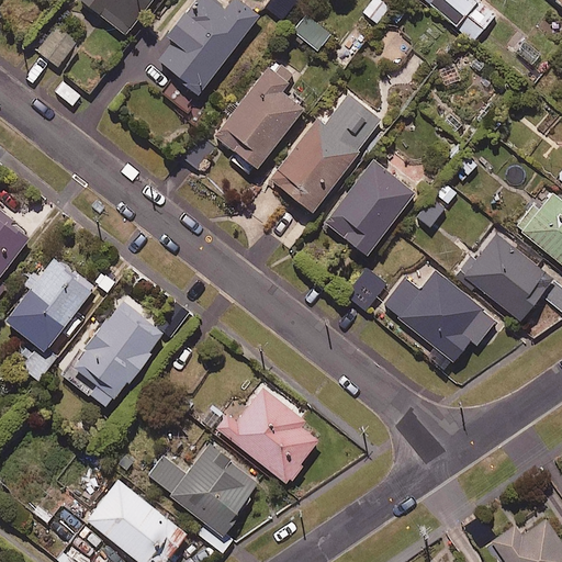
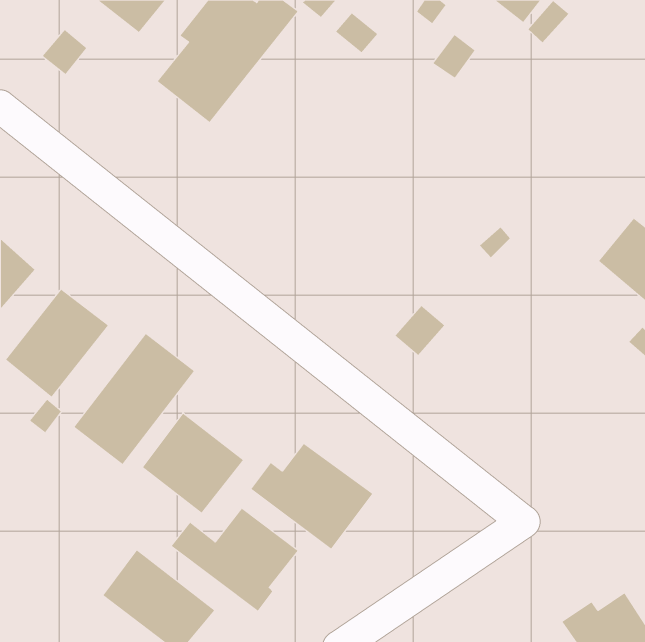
building: [213,67,306,168] -> none
building: [270,94,381,211] -> none
building: [324,160,413,254] -> none
building: [463,236,551,321] -> none
building: [383,271,495,360] -> none
building: none -> [142,413,244,514]

